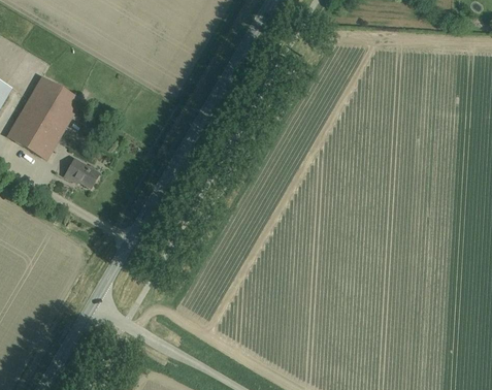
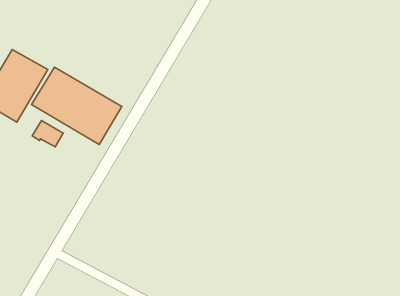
building: none -> [31,67,122,144]

